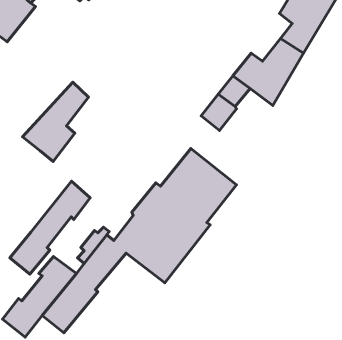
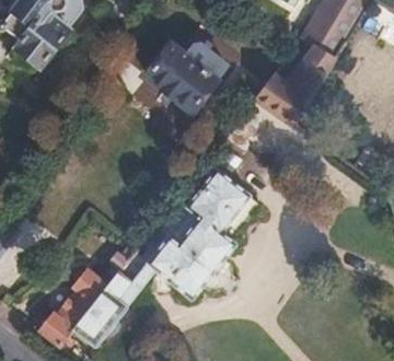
building: none -> [147,42,227,109]
building: [22,82,88,162] -> none
building: [10,181,90,274] -> none

